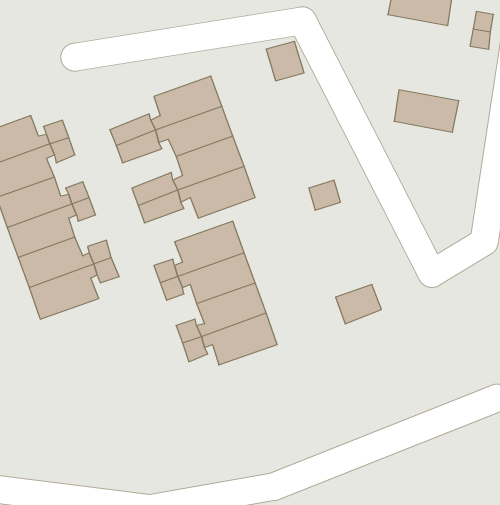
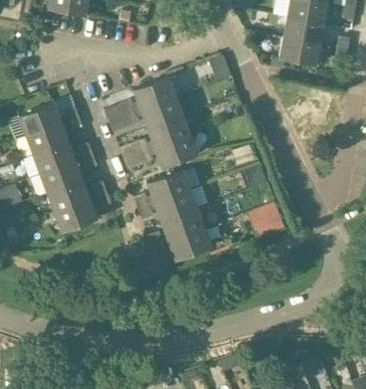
building: [394,90,459,132] -> [280,38,321,65]

